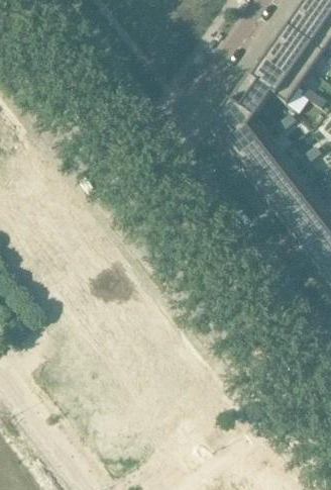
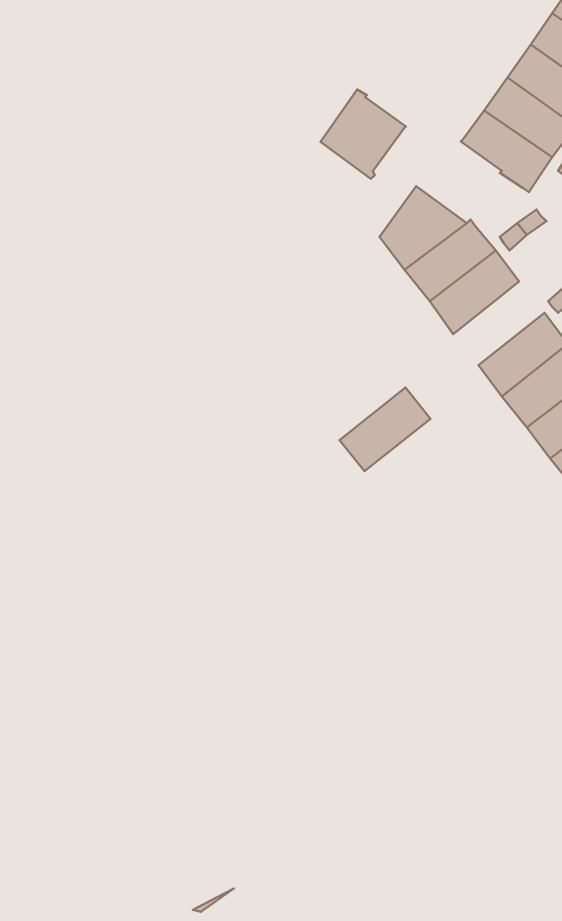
building: [230,70,274,116] -> [320,89,406,179]
building: [249,146,297,190] -> [339,388,431,471]

